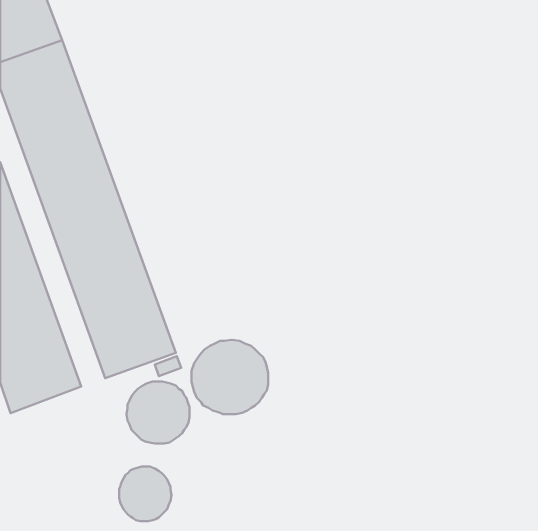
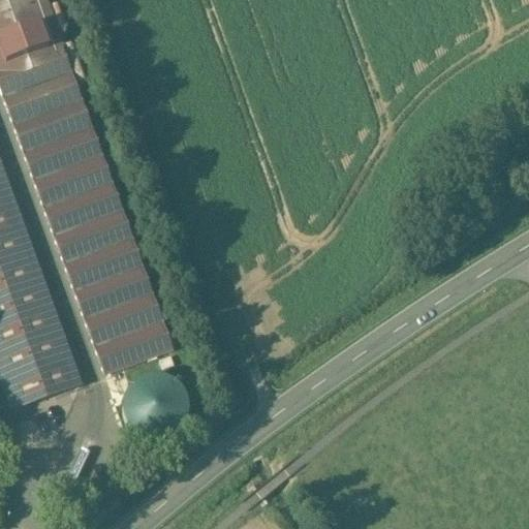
building: [192,340,268,414] -> none
building: [119,467,172,521] -> none

